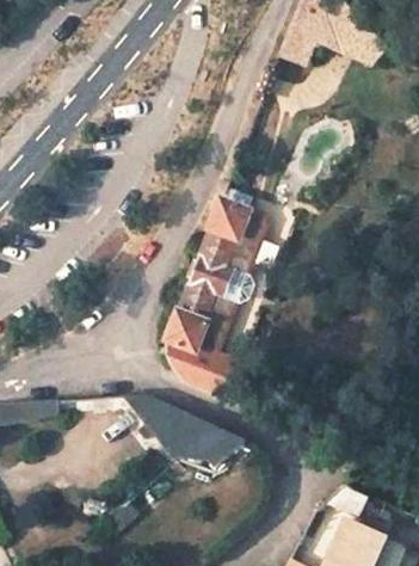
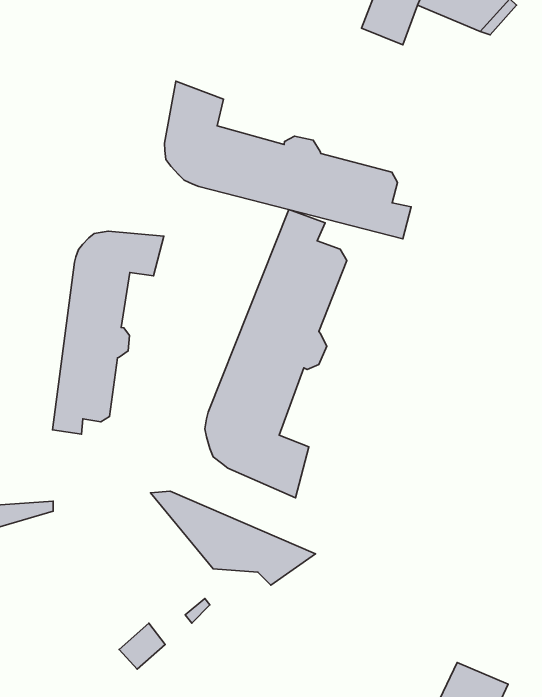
building: none -> [164,81,411,239]
building: none -> [53,231,164,434]

